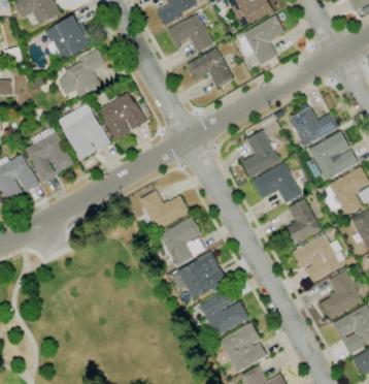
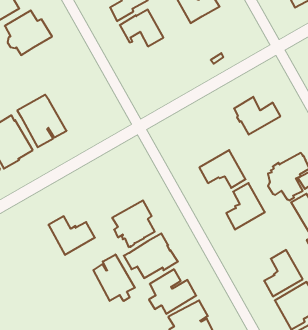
building: [236,14,284,64] -> none
building: [187,47,233,88] -> none
building: [59,50,106,97] -> none
building: [98,93,146,139] -> none
building: [239,129,279,178] -> none
building: [306,131,358,181] -> none
building: [139,190,189,231] -> [48,216,95,255]
building: [293,234,342,283] -> none
building: none -> [93,254,135,301]

